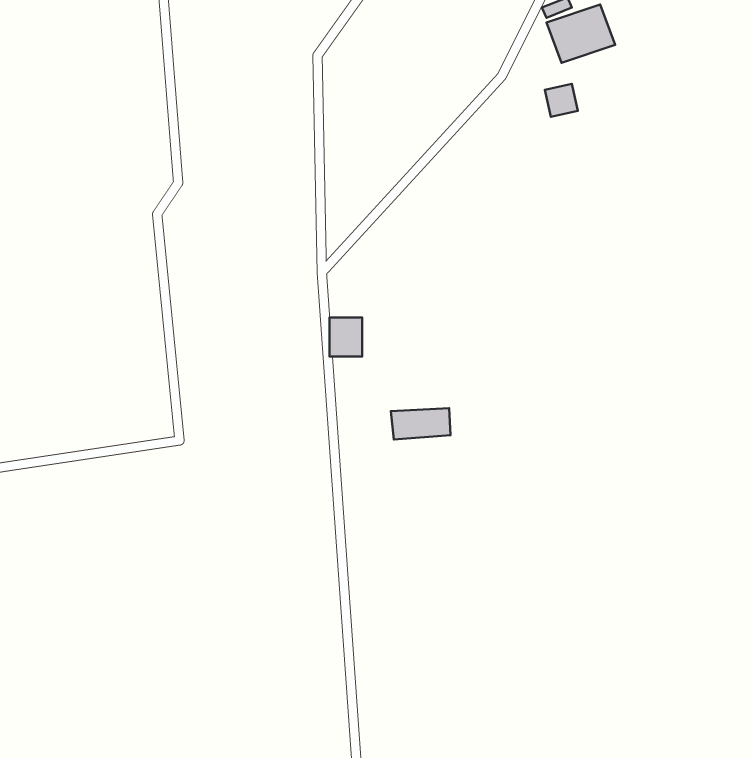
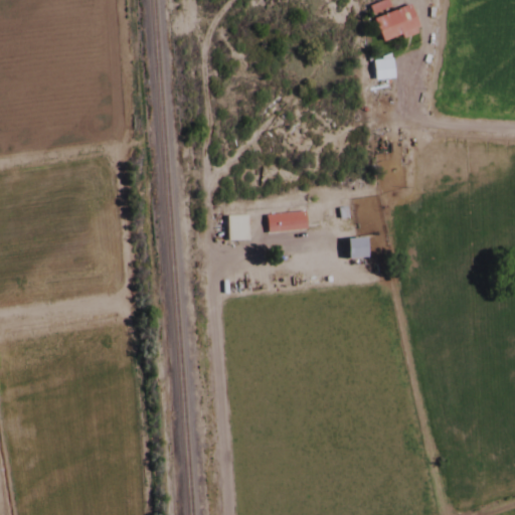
building: none -> [348,236,367,256]
building: [391,408,451,440] -> [269,210,309,231]

